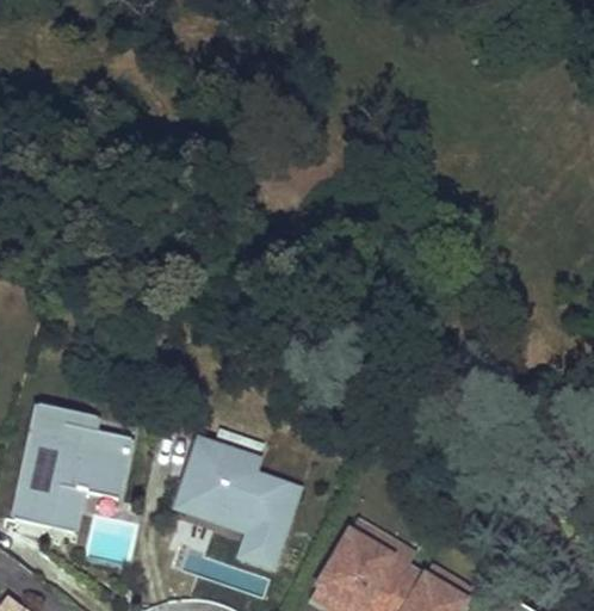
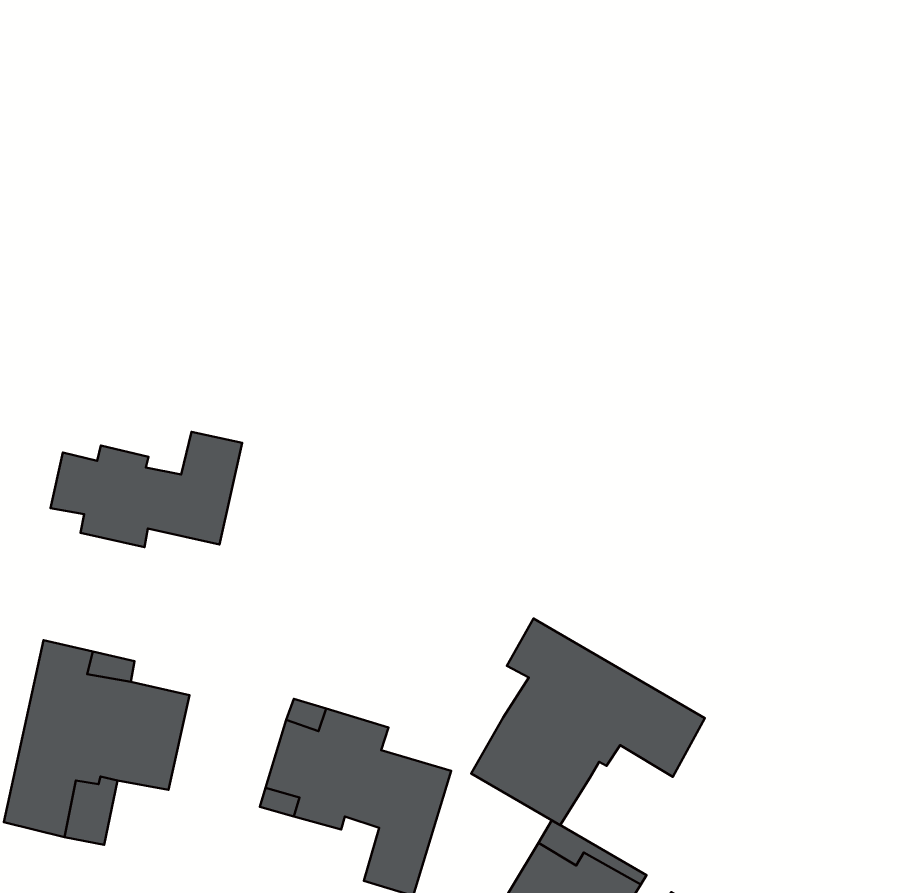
building: none -> [51,432,242,547]
building: none -> [471,619,705,825]

